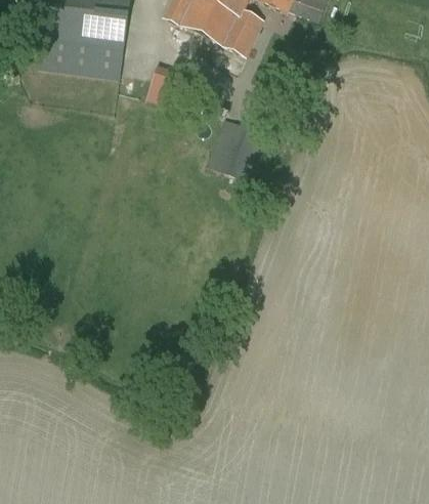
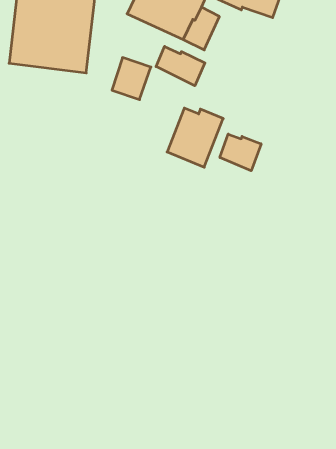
building: none -> [156,46,205,86]
building: none -> [220,134,261,171]

